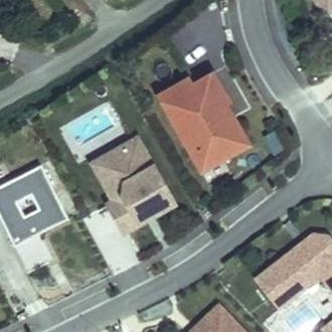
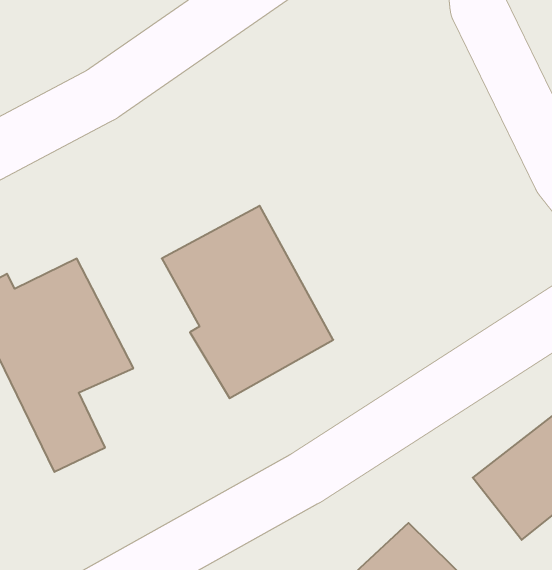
building: [154,65,256,170] -> none

